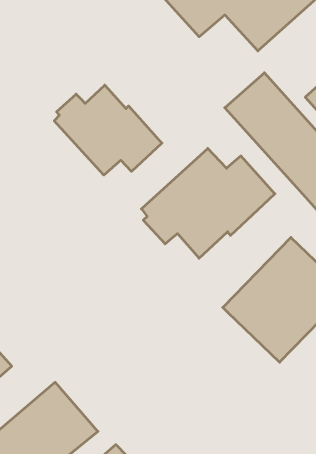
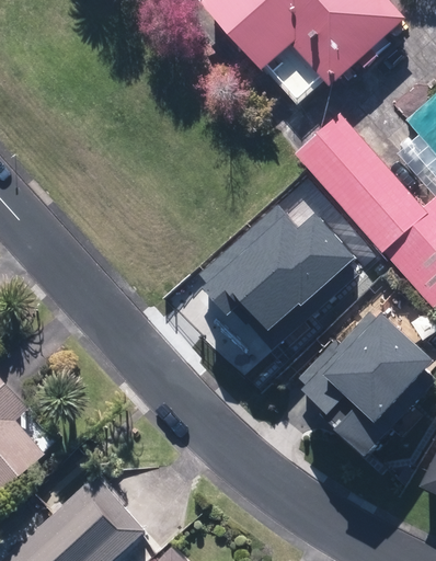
building: [54,85,162,175] -> none

